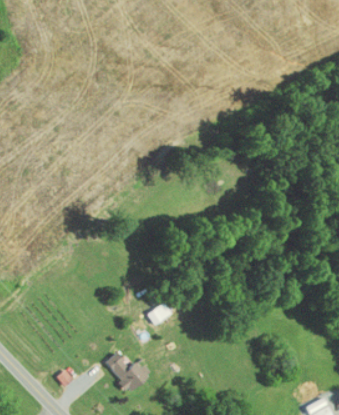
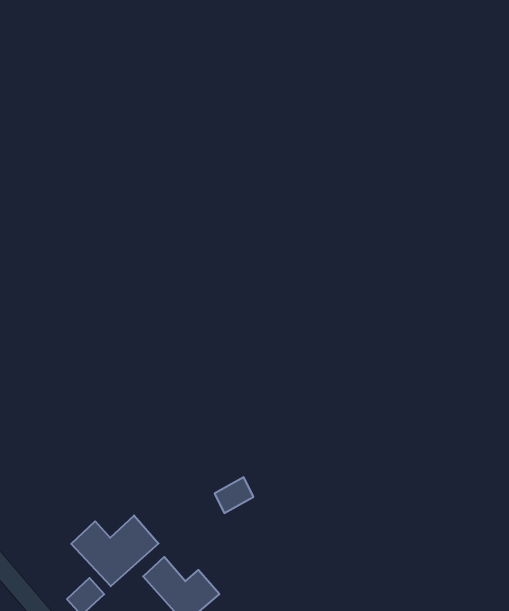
building: none -> [71,515,159,586]

